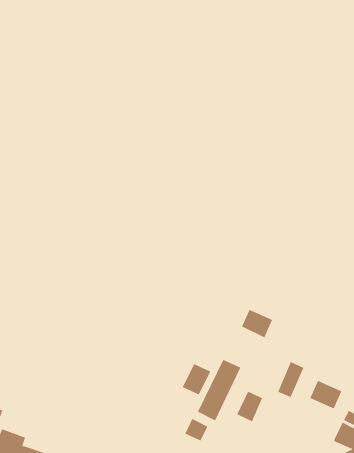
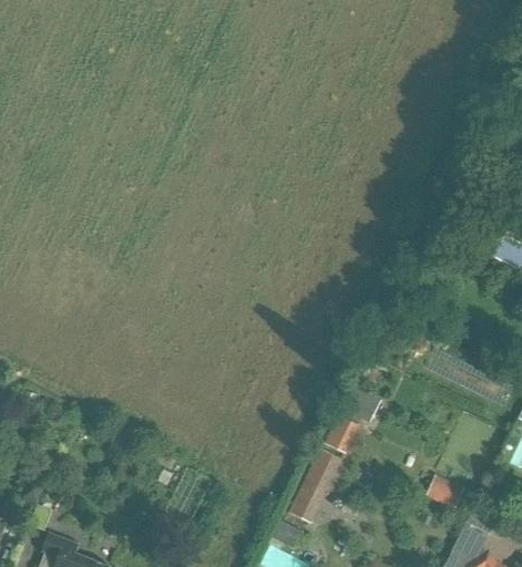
building: [277,361,304,398] -> none
building: [182,363,211,395] -> [325,416,360,455]
building: [237,391,263,422] -> none

